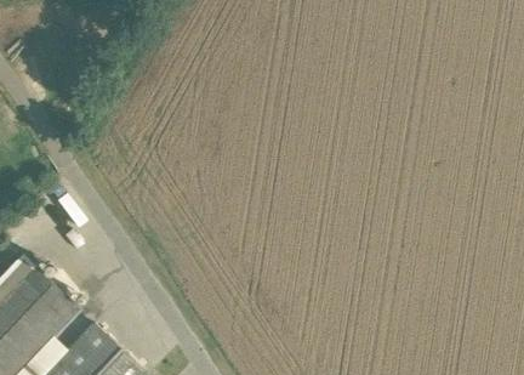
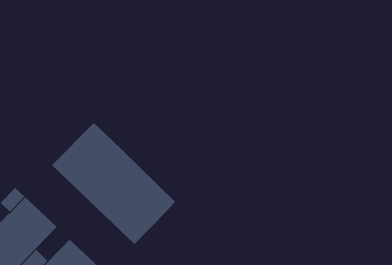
building: none -> [51,122,176,245]

